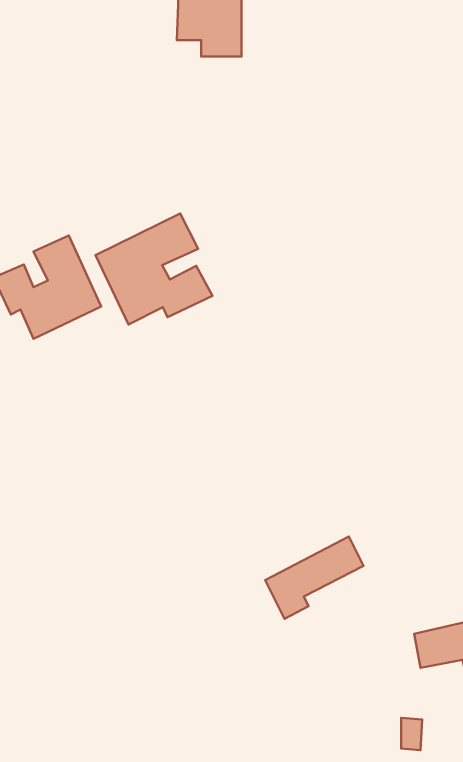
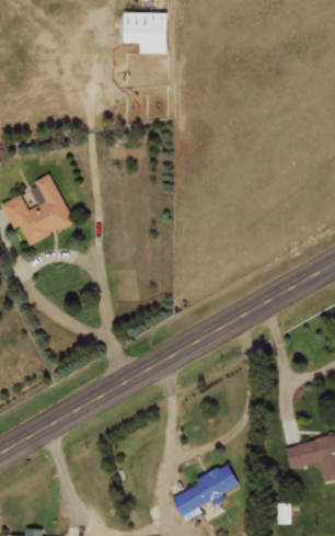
building: [96,213,212,324] -> none
building: [265,537,363,619] -> [172,466,239,522]

